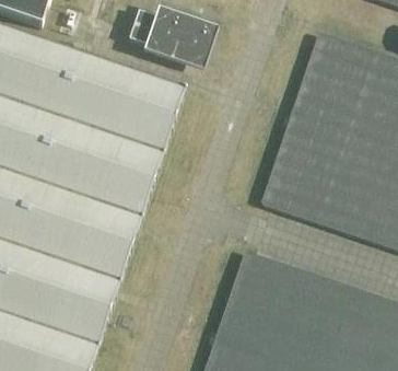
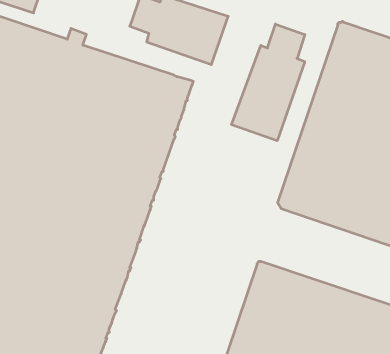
building: none -> [232,24,305,141]

